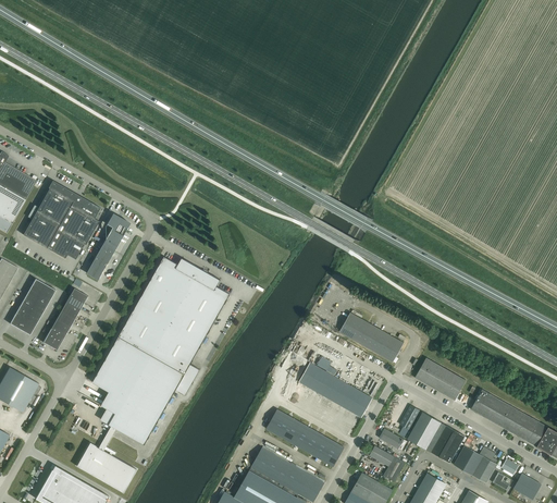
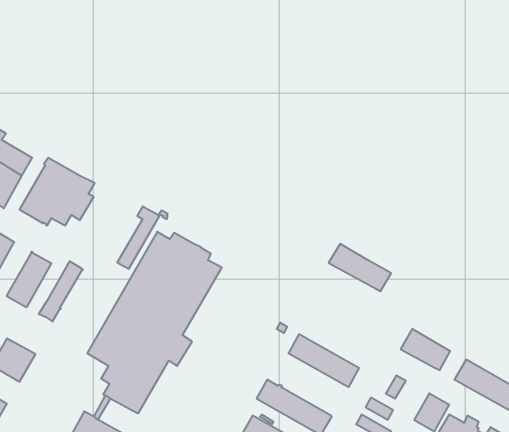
building: [86,214,129,279] -> [117,206,160,269]
building: [339,312,404,361] -> [329,244,391,291]
building: [407,412,444,451] -> none

